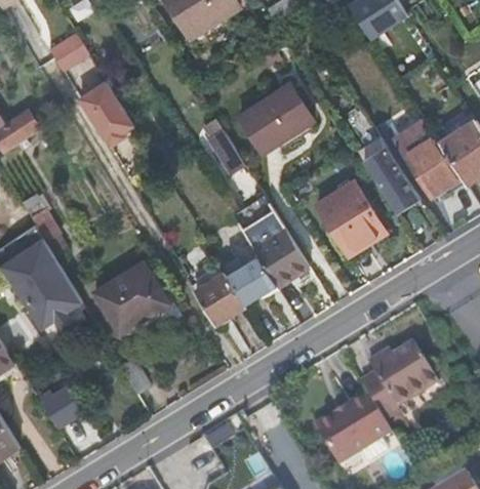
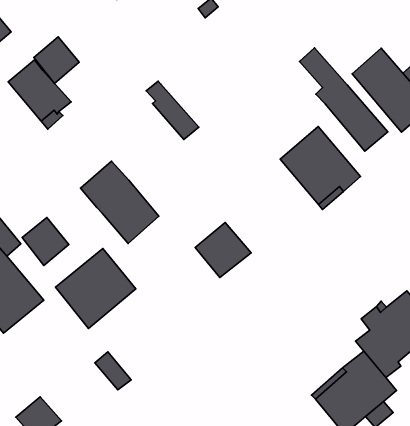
building: none -> [34,37,79,83]
building: [238,83,314,153] -> none
building: [241,209,309,286] -> [80,161,159,243]
building: none -> [22,217,69,266]
building: [194,272,245,324] -> none

